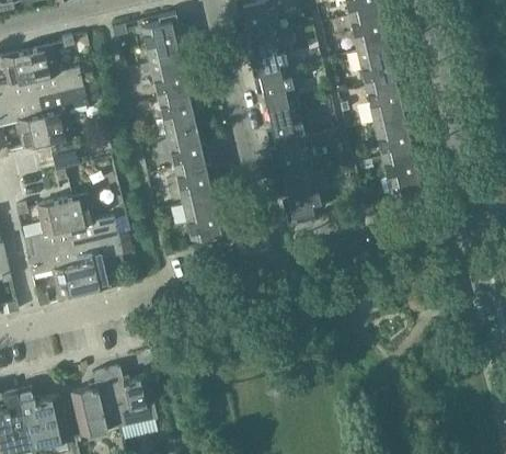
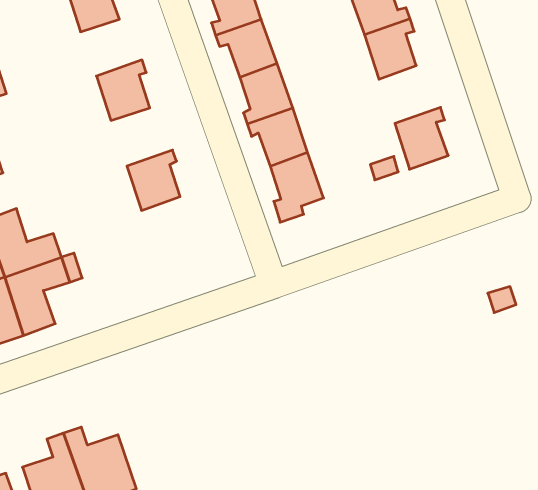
building: [149,56,194,98] -> none
building: [373,114,418,157] -> none
building: [165,126,210,169] -> none
building: [182,196,229,241] -> none

